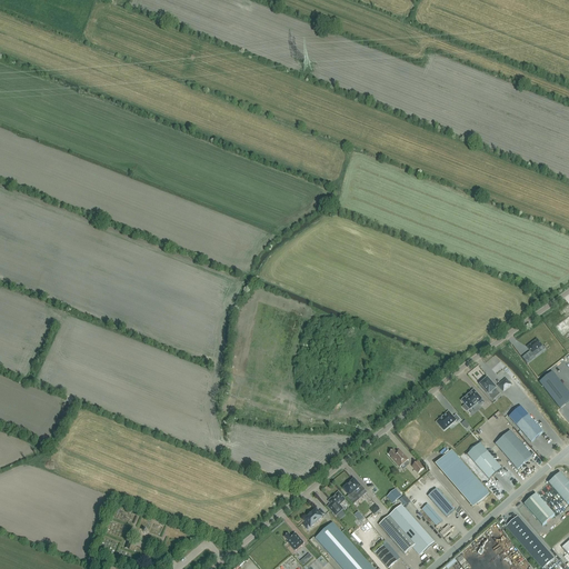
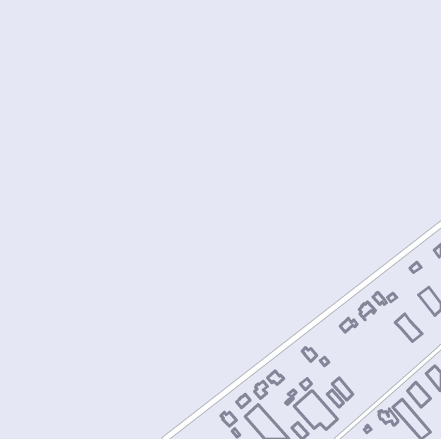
building: [496,429,532,468] -> none
building: [467,441,502,478] -> none
building: [436,449,489,503] -> none

